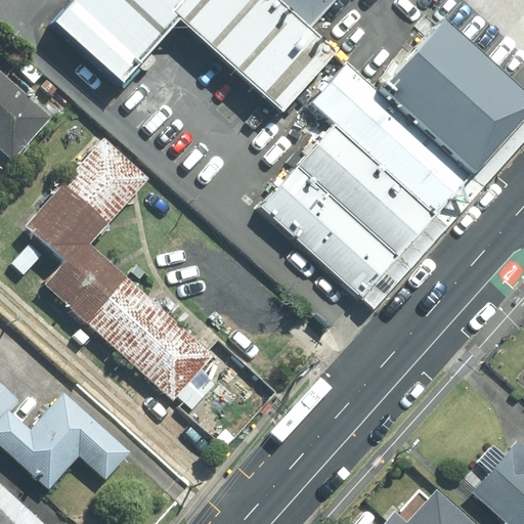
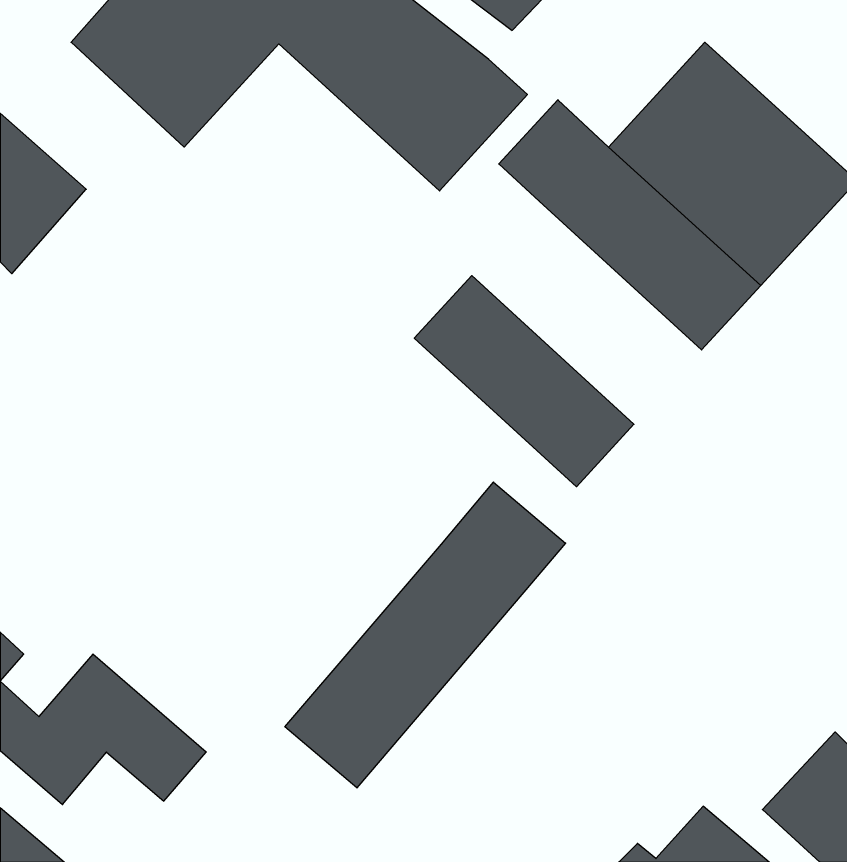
building: [296,122,435,257] -> none
building: [26,139,218,403] -> none
building: none -> [285,482,566,788]

